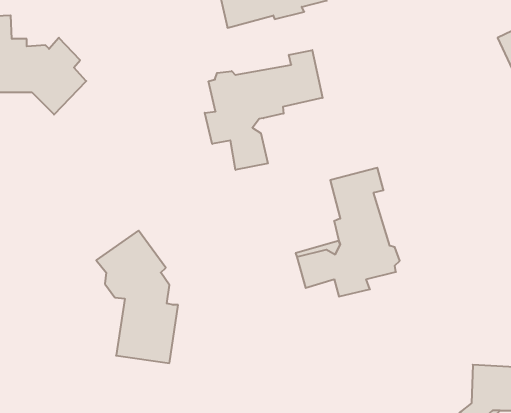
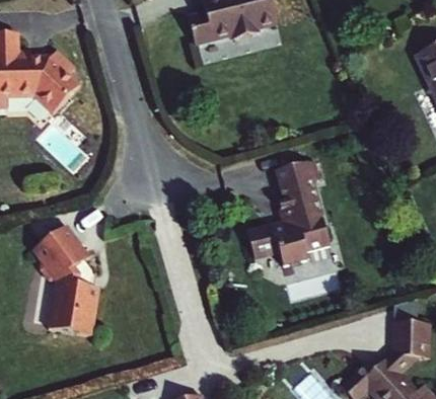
building: [205,50,323,170] -> none
building: [96,231,178,363] -> [31,227,98,335]

